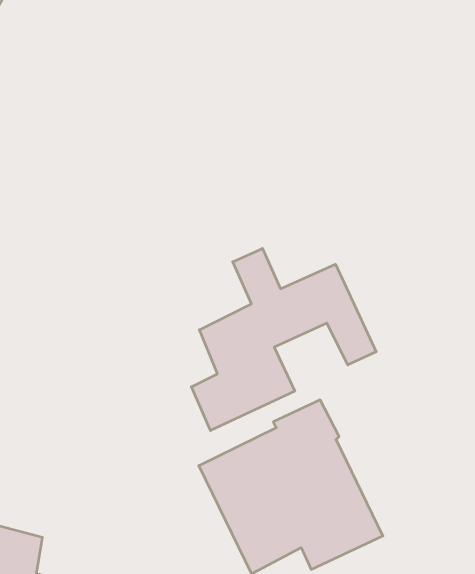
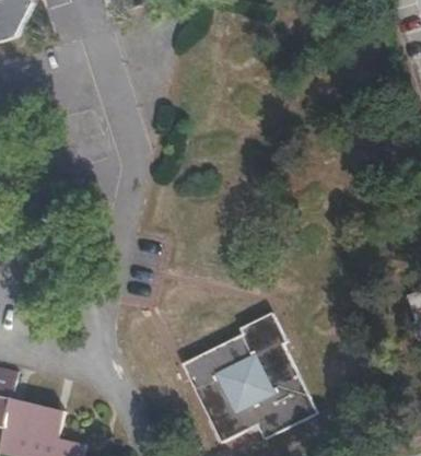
building: [191,248,376,431] -> none

